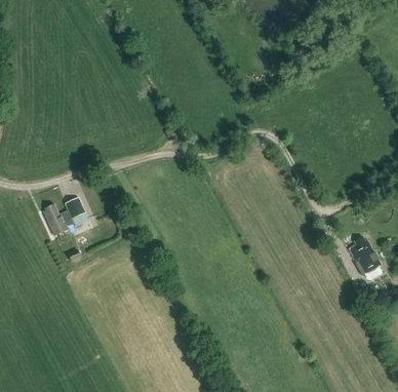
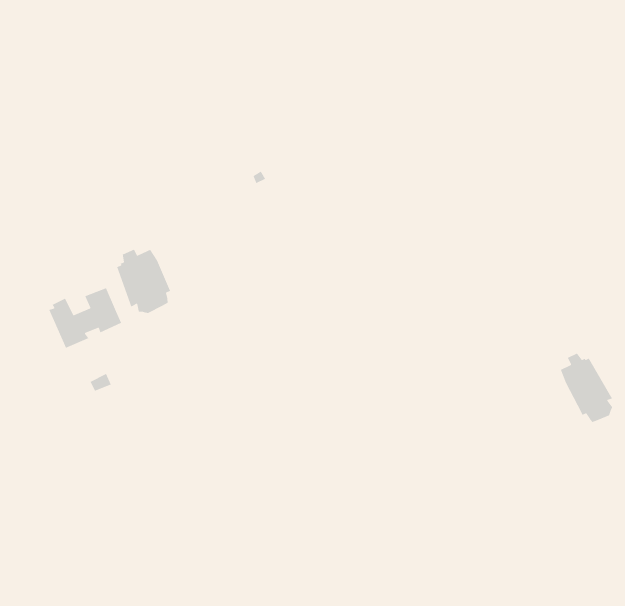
building: none -> [116,248,171,314]

